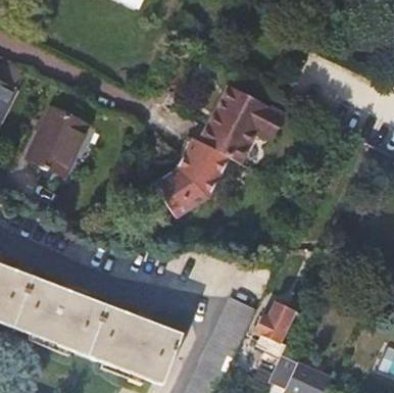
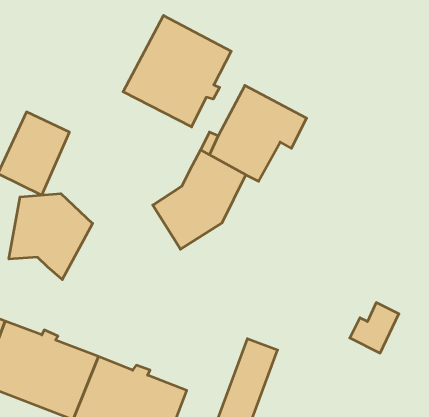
building: none -> [123,15,231,127]
building: none -> [9,194,93,280]
building: [254,301,294,342] -> [350,303,399,353]

